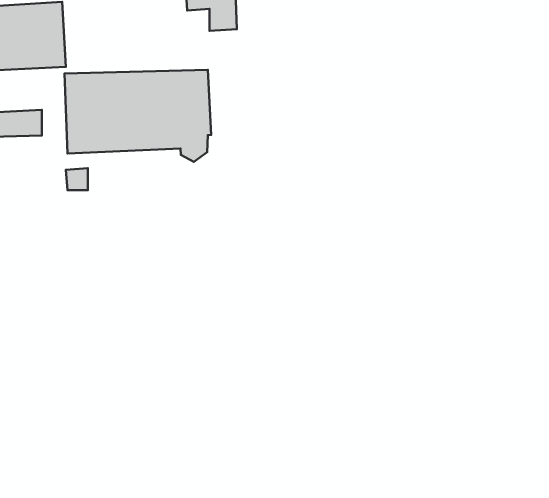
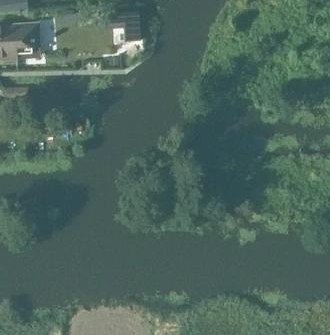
building: [65,70,211,162] -> none

